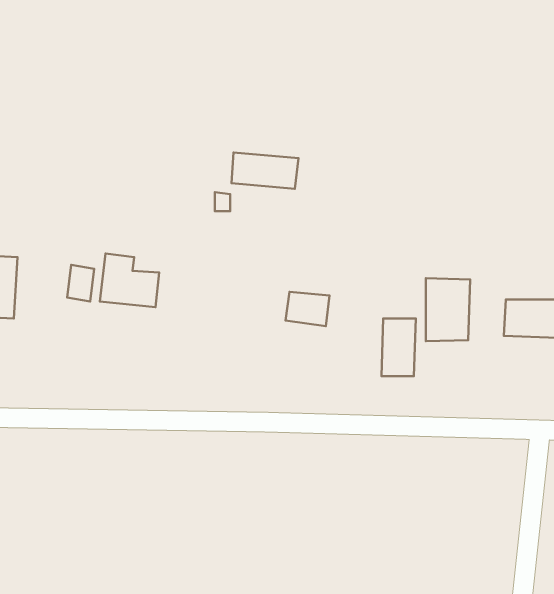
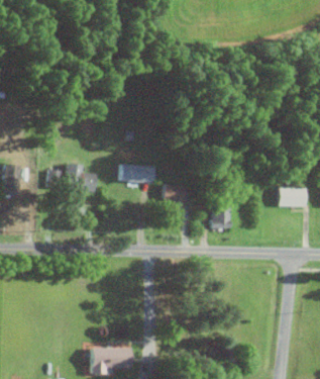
building: [232,153,299,189] -> [119,163,154,182]
building: [426,278,470,341] -> none

